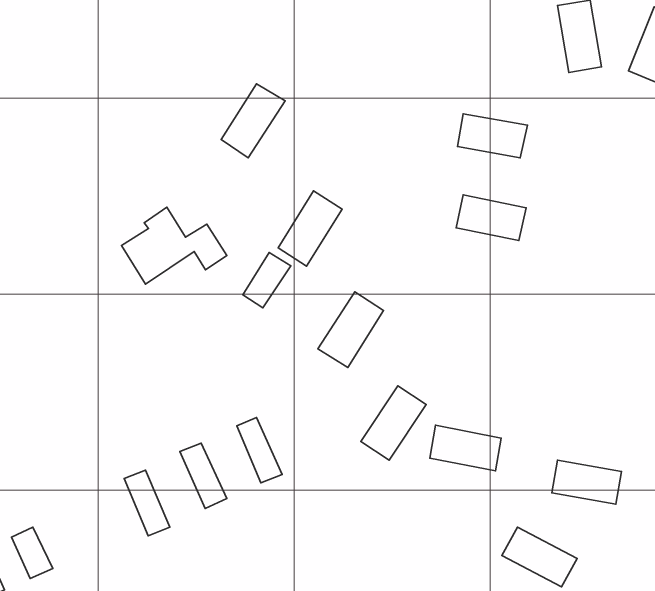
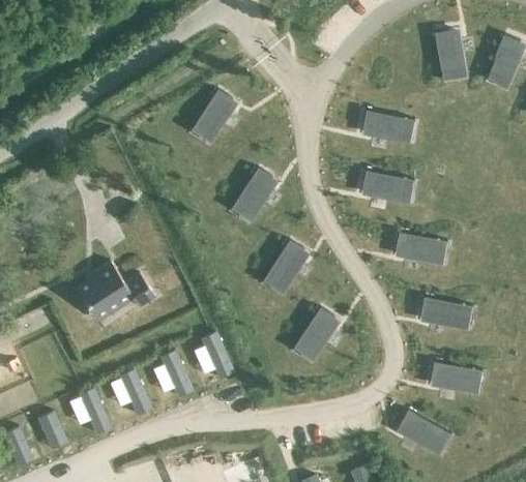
building: [121,207,227,284] -> [78,258,154,313]
building: [243,253,291,308] -> none
building: none -> [394,232,445,265]
building: [430,425,501,471] -> [419,297,471,330]
building: none -> [79,387,113,434]

